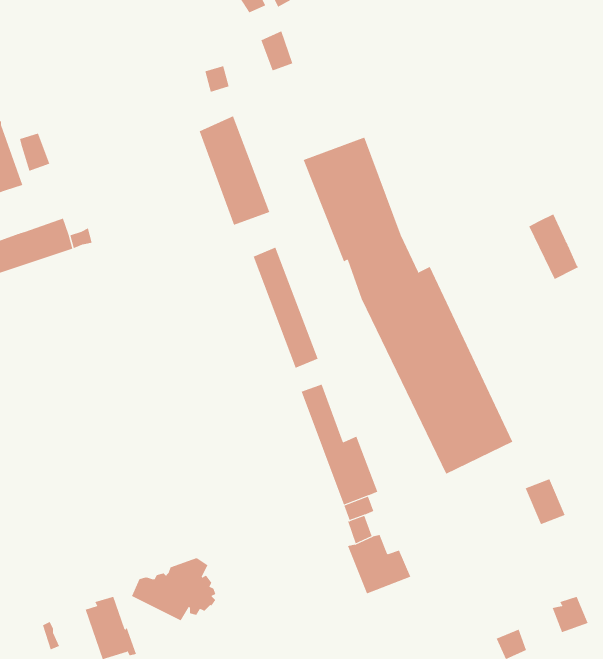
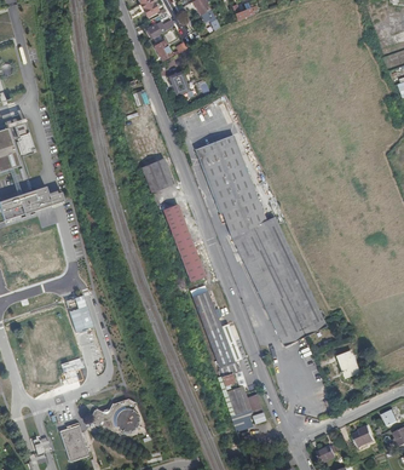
building: [528,214,579,280] -> none

